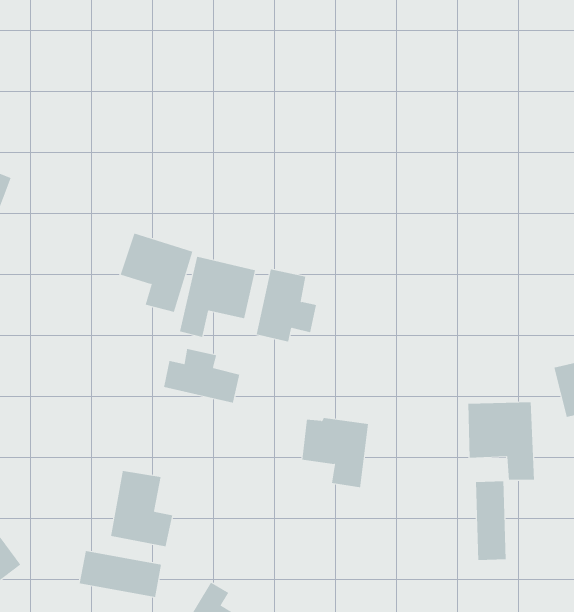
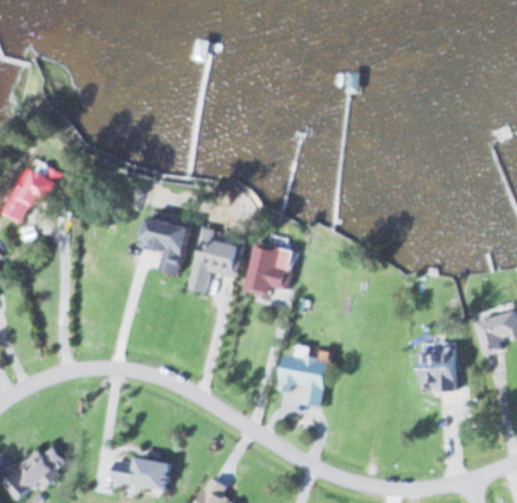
building: [164,348,240,403] -> none
building: [110,470,173,547] -> none
building: [476,480,506,561] -> none

